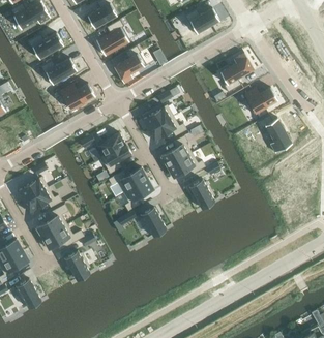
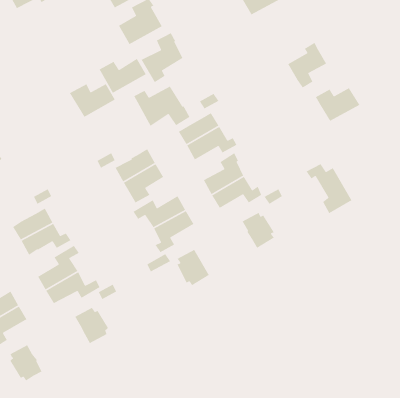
building: [27,33,63,59] -> none
building: [40,58,77,85] -> [99,58,147,94]
building: none -> [133,85,191,127]
building: [258,115,293,153] -> [306,163,352,214]

